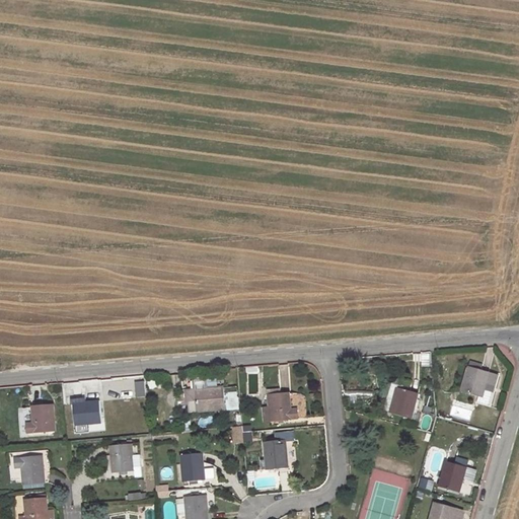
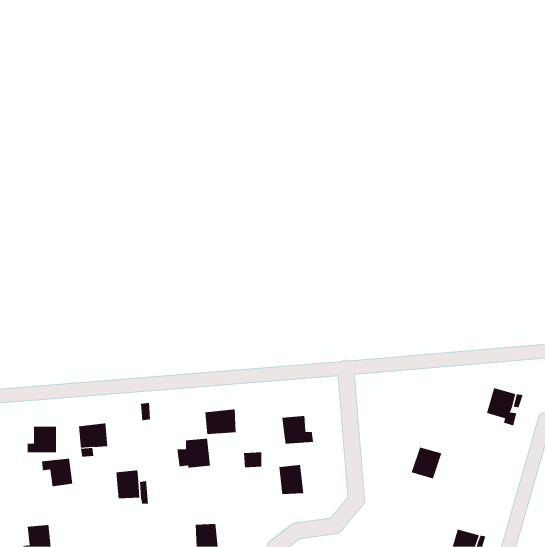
building: [384,386,414,417] -> [411,447,442,479]
building: [171,453,204,481] -> [177,438,211,468]
building: [12,455,43,483] -> [41,458,73,487]
building: [437,461,465,493] -> none

